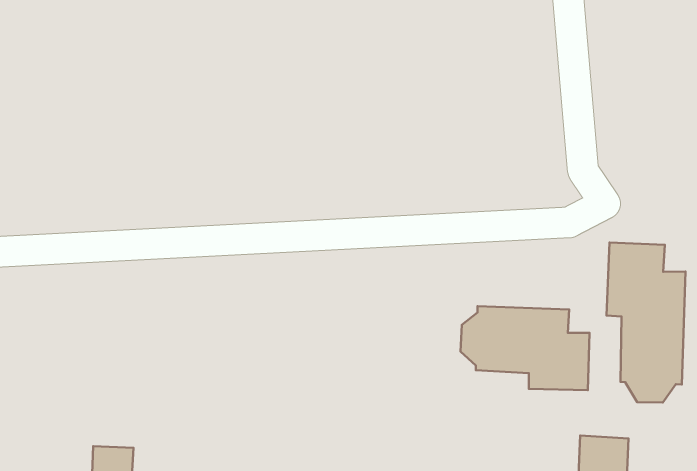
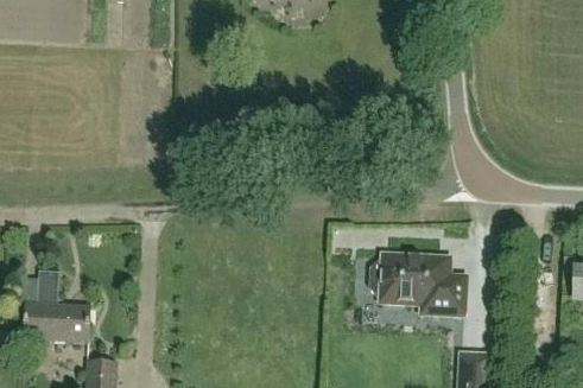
building: [607,243,686,402] -> none
building: none -> [23,268,89,339]

